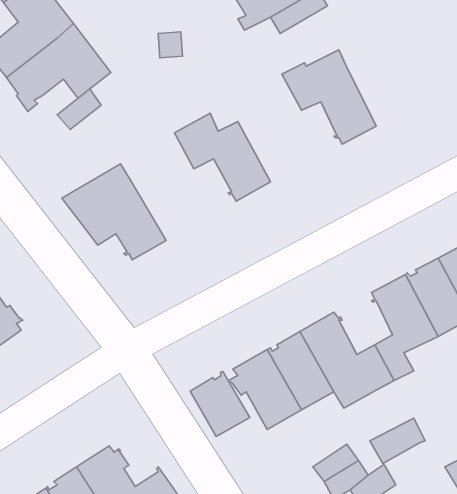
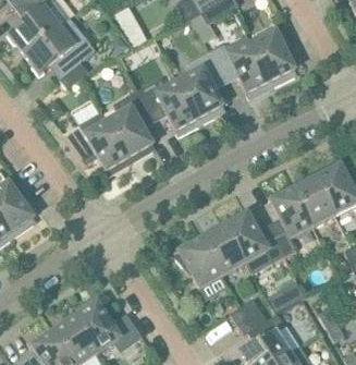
building: none -> [251,34,296,86]
building: none -> [180,51,224,123]
building: none -> [108,90,154,162]
building: [190,371,250,437] -> none

